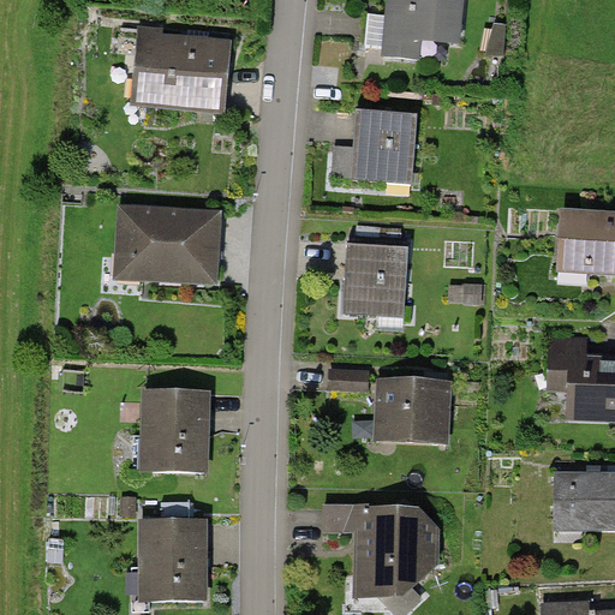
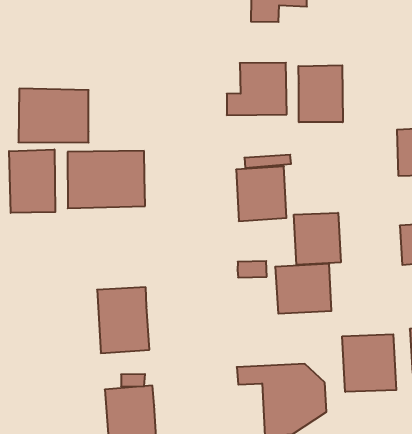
building: [133,30,231,108] -> [18,89,89,143]
building: none -> [298,65,343,122]
building: none -> [9,149,55,213]
building: none -> [294,213,341,265]
building: none -> [342,334,396,392]

